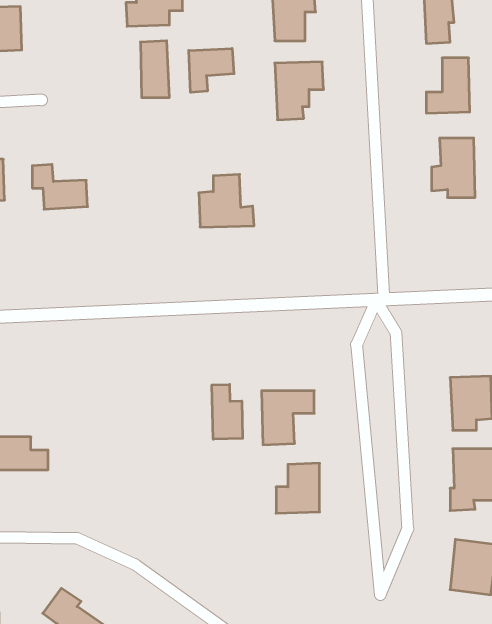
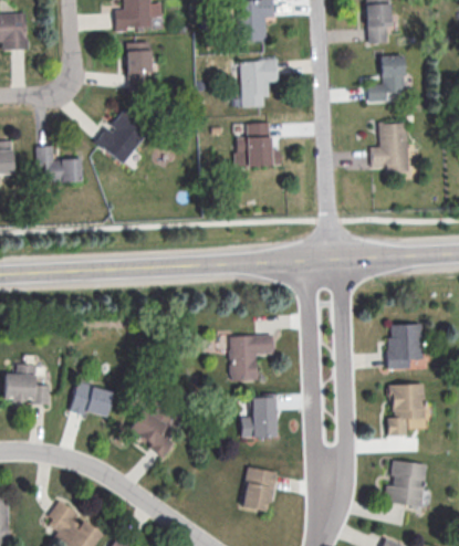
building: [189,48,234,92] -> none
building: none -> [96,109,149,164]
building: [199,174,254,227] -> [234,122,281,166]
building: [212,384,243,439] -> none
building: none -> [71,381,114,418]
building: none -> [129,409,173,456]
building: none -> [241,466,277,512]

